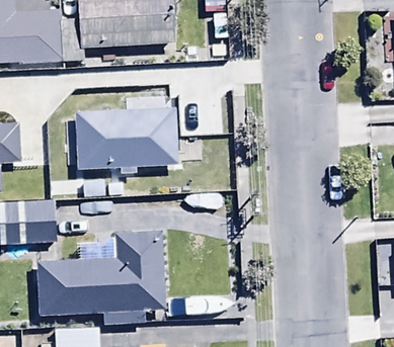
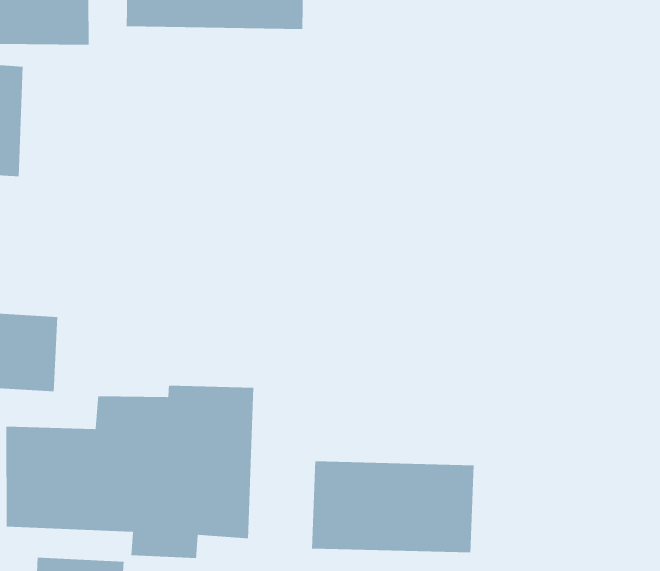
building: [74,108,177,176] -> none
building: none -> [311,461,475,553]

